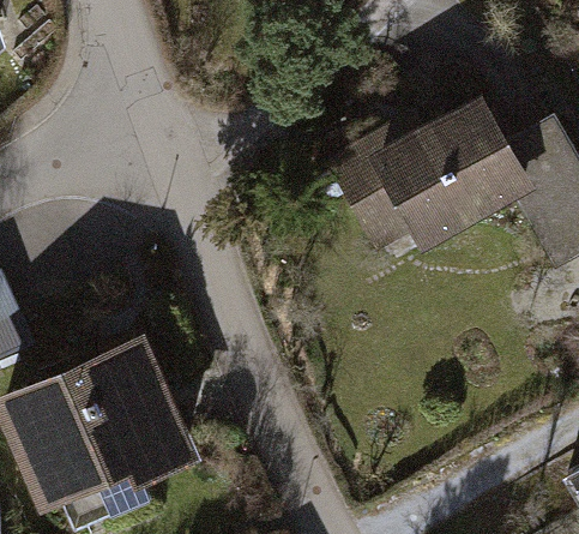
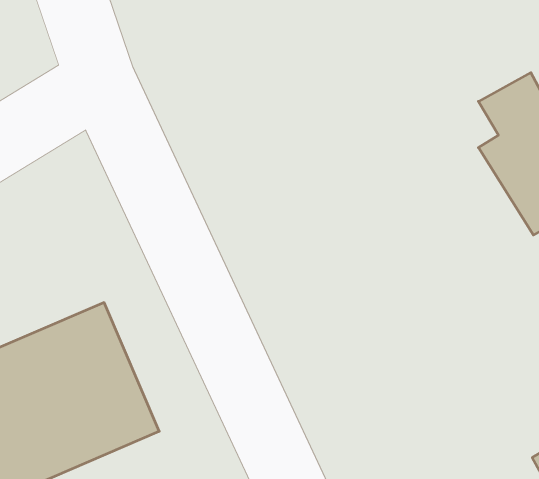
building: [334,98,523,260] -> none

